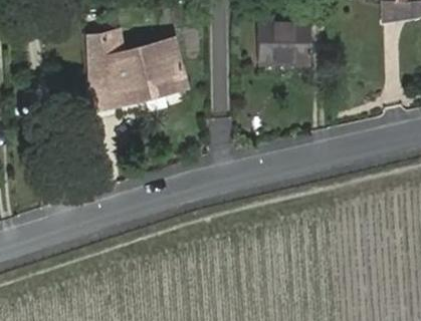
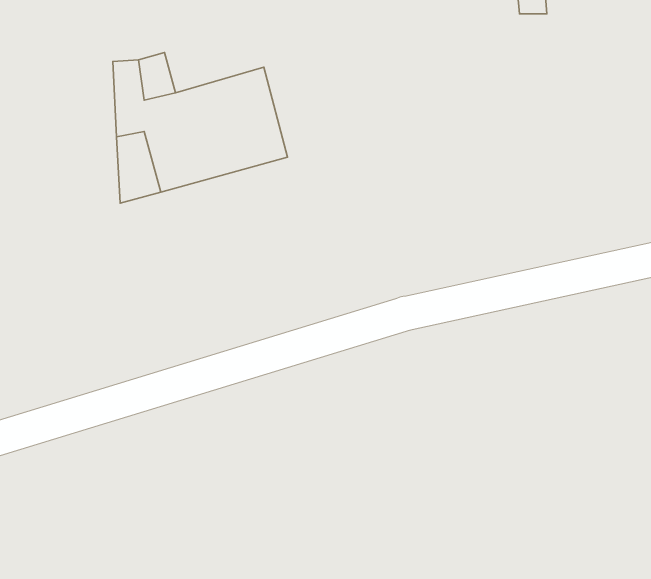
building: [259,17,310,63] -> none

